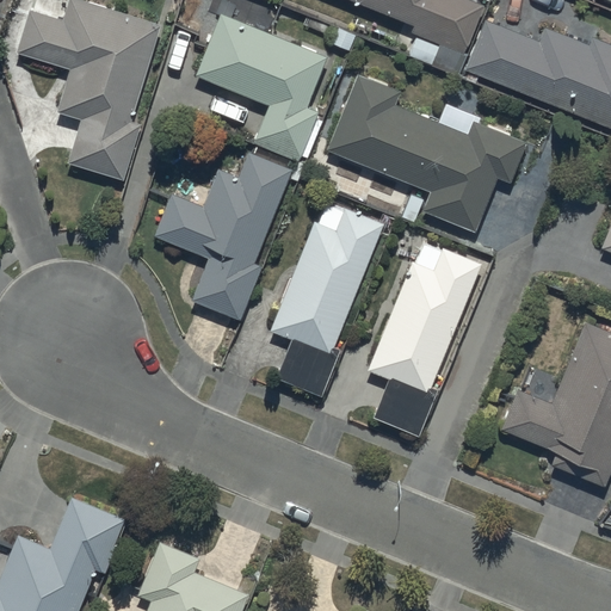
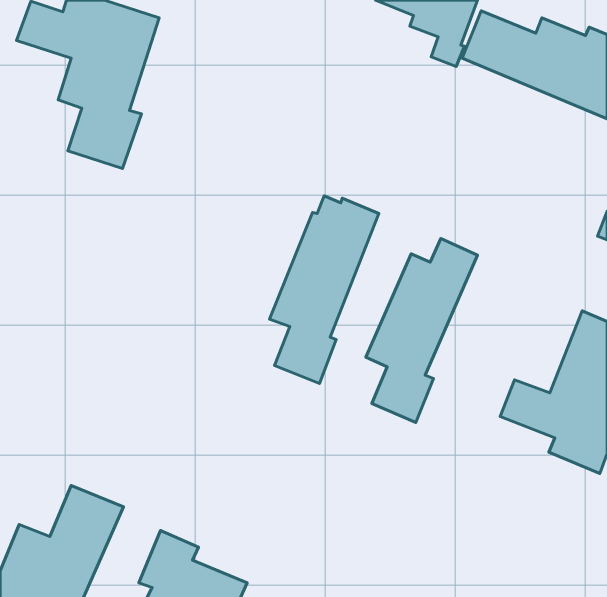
building: [197,16,325,160] -> none
building: [327,76,525,232] -> none
building: [156,153,291,319] -> none

